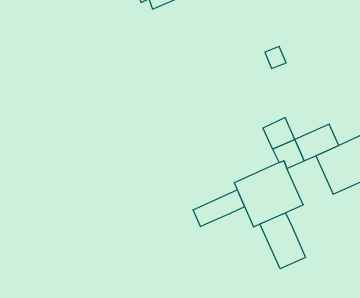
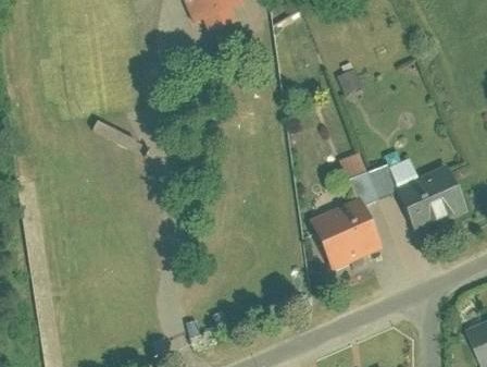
building: [193,190,245,227] -> none
building: [260,213,306,269] -> none

